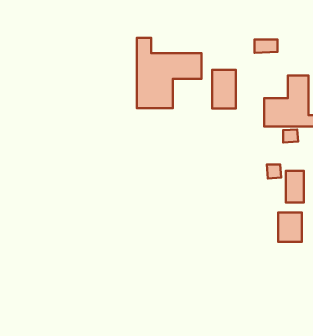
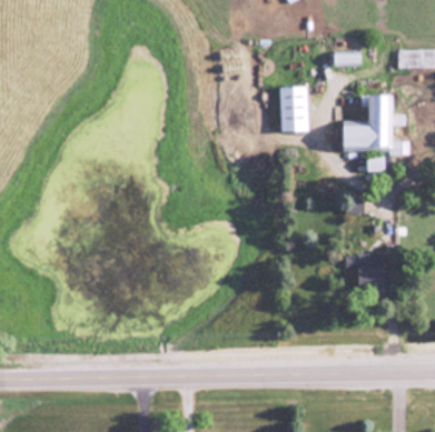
building: [137,38,202,108] -> none
building: [286,171,304,203] -> none

